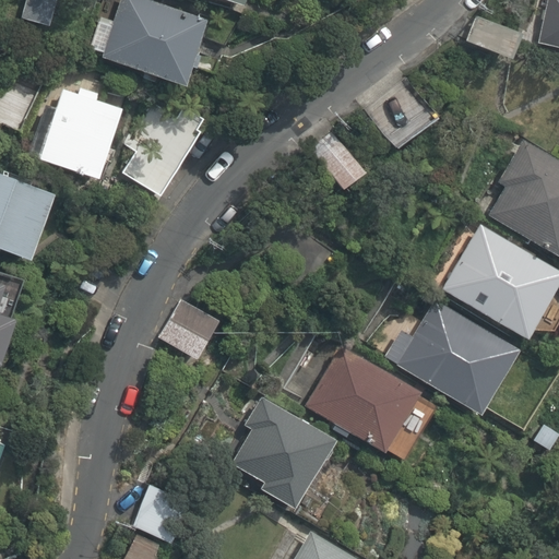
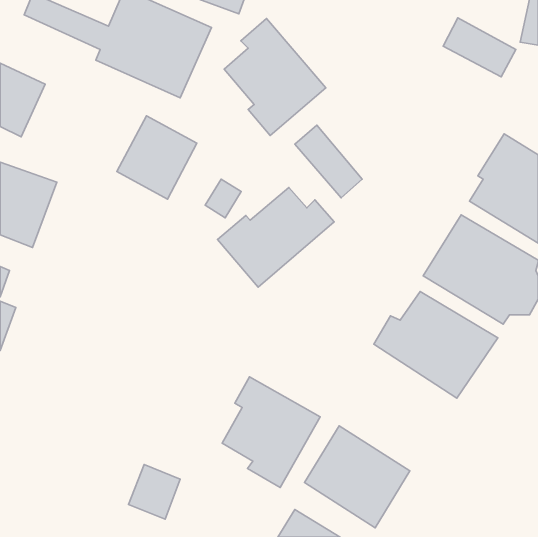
building: none -> [224,18,326,136]
building: [38,99,129,198] -> none
building: none -> [217,187,334,287]
building: [159,297,218,357] -> none
building: [310,343,419,449] -> [304,426,410,528]

